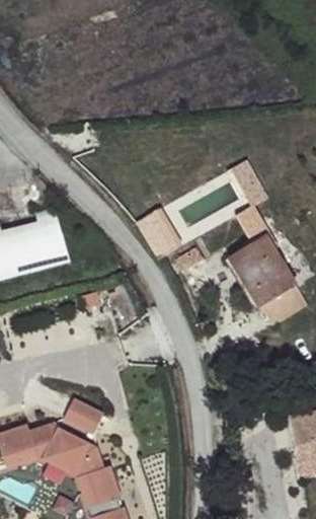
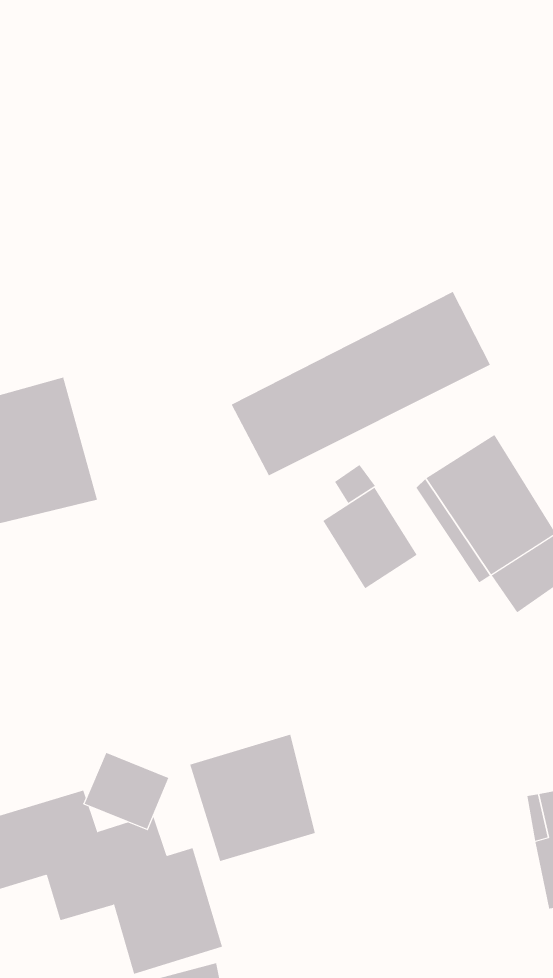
building: none -> [322,487,418,589]
building: none -> [189,734,315,862]

